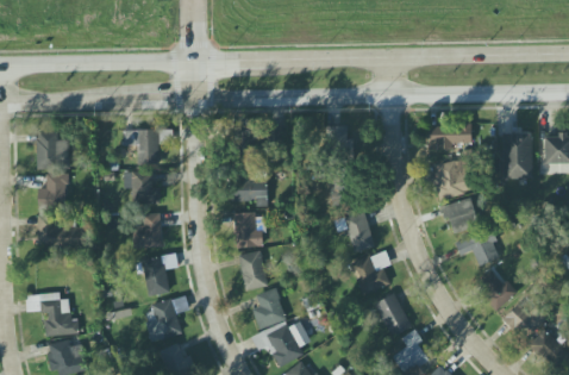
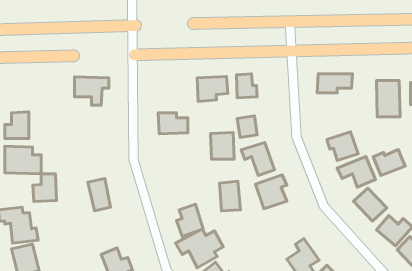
building: none -> [197,77,228,101]
building: [37,131,69,168] -> none
building: [434,161,465,198] -> none
building: [124,171,161,205] -> none
building: [132,213,162,248] -> [33,174,57,201]
building: [235,213,264,246] -> [210,133,234,159]
building: none -> [373,150,405,176]
building: [240,251,267,288] -> [220,181,241,211]
building: [375,293,411,337] -> none
building: [143,300,182,342] -> none

